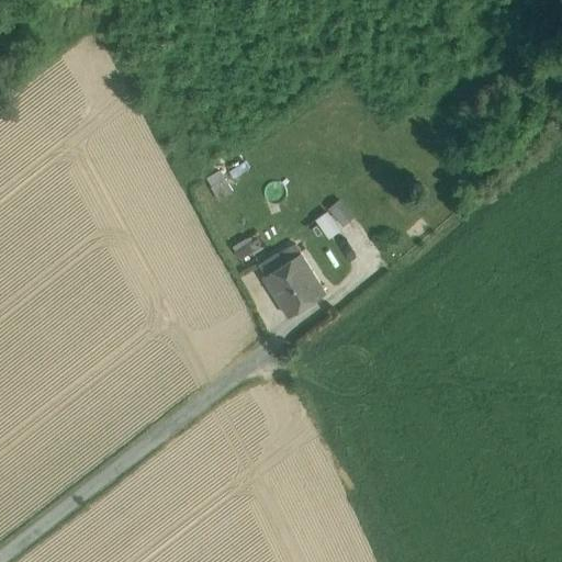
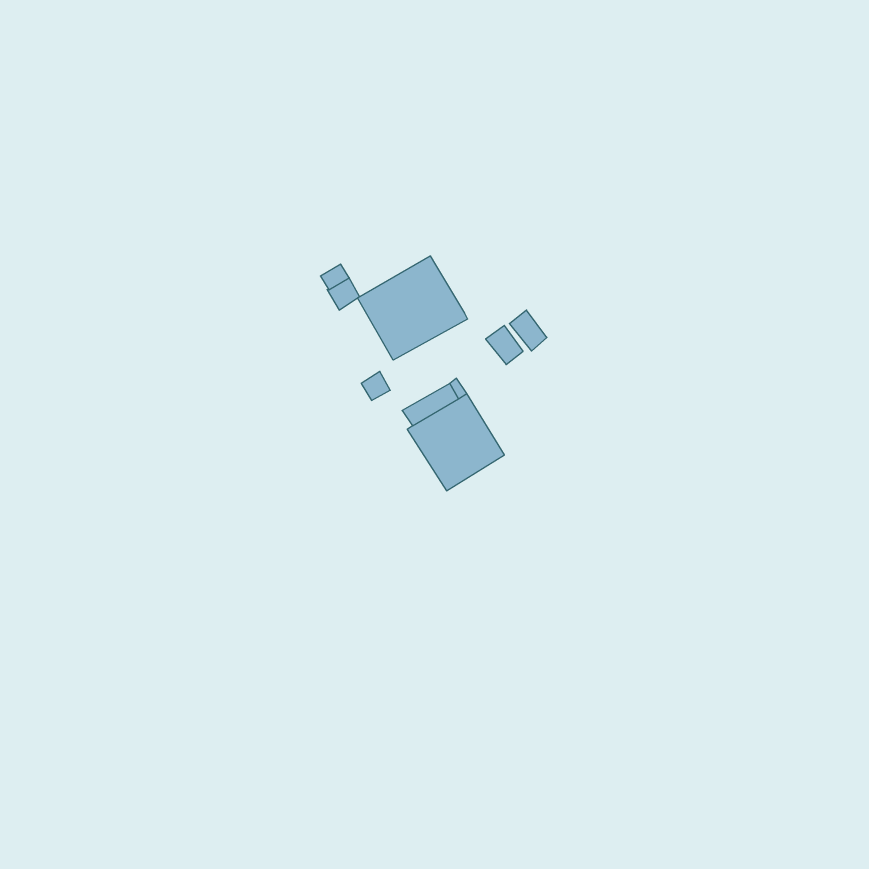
building: none -> [358,256,468,360]

